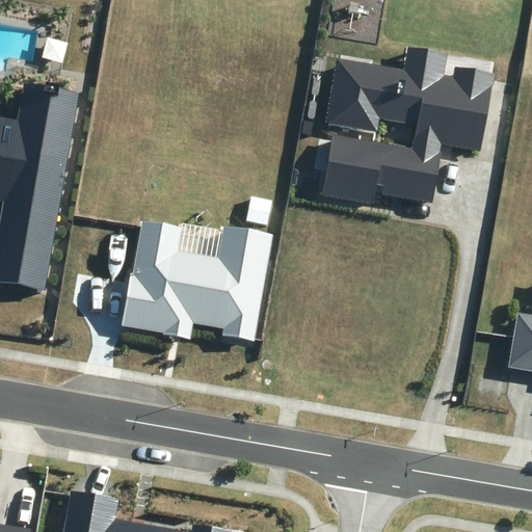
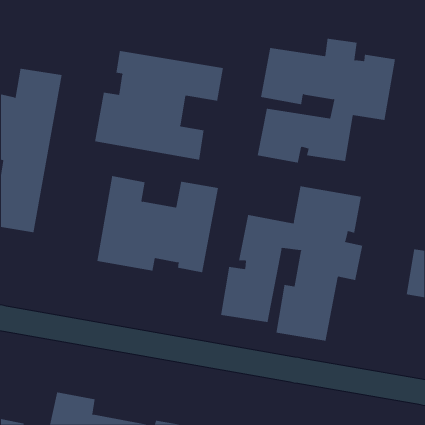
building: none -> [95,50,224,160]
building: none -> [220,186,363,341]

